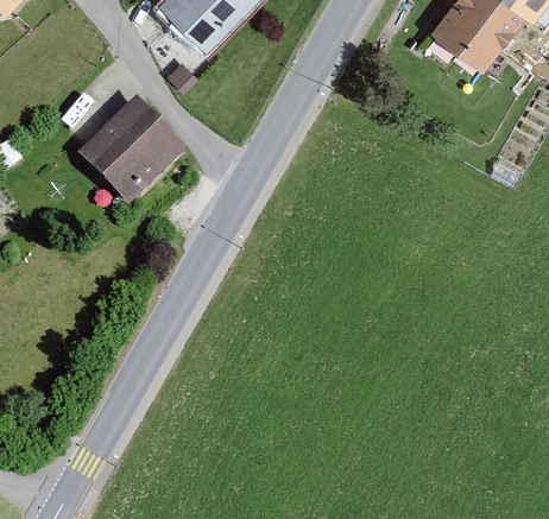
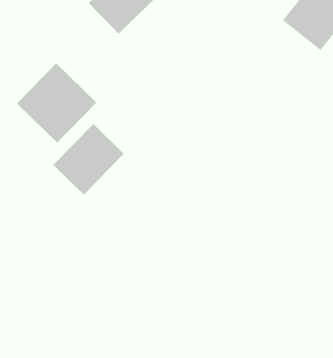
building: none -> [52,123,125,196]

